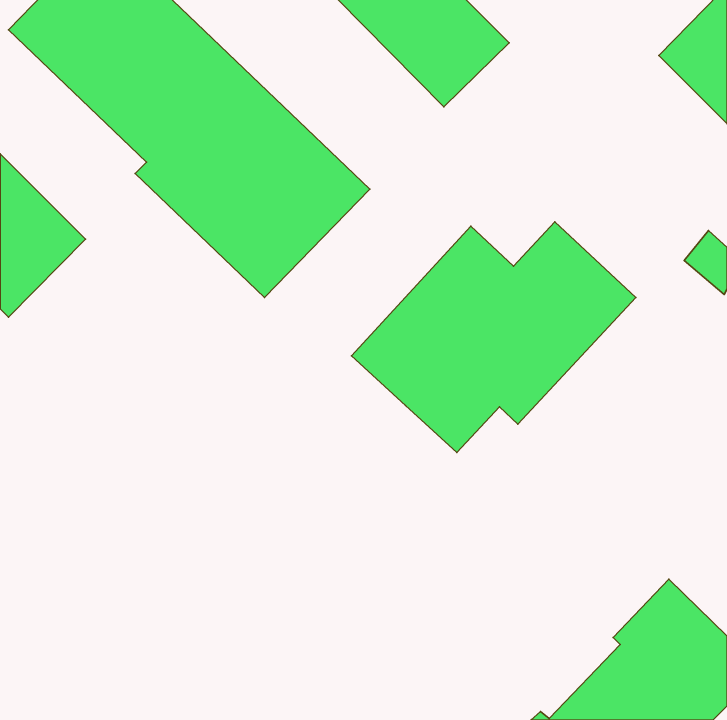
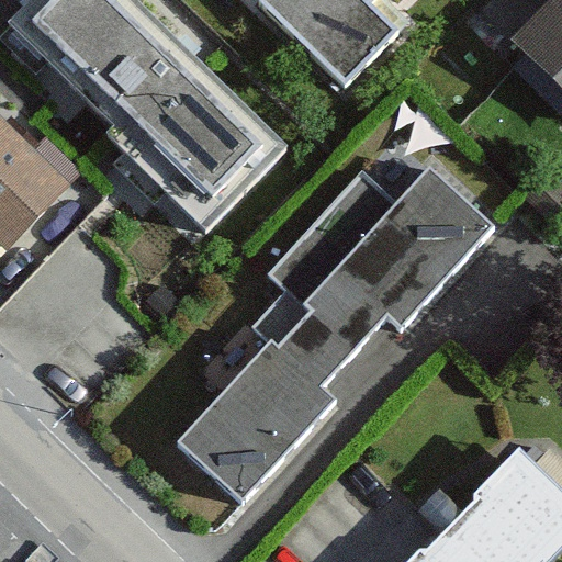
building: none -> [179,313,352,497]

